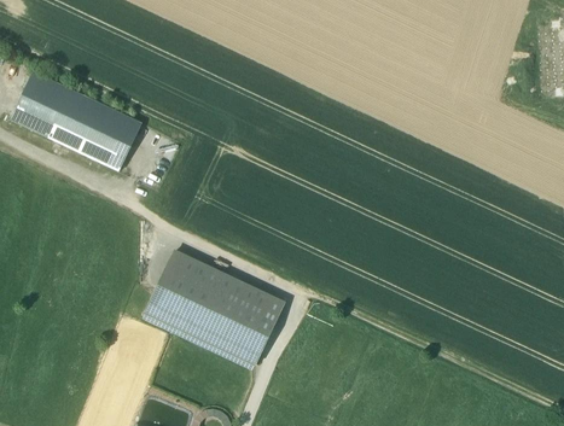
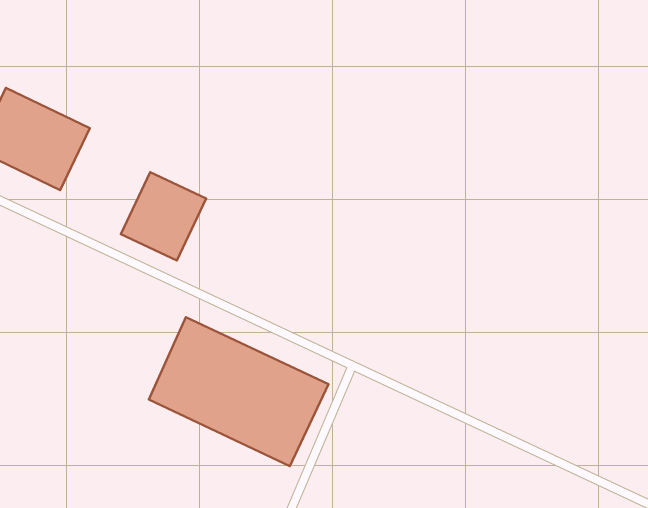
building: [75,103,141,171] -> [121,172,206,261]

